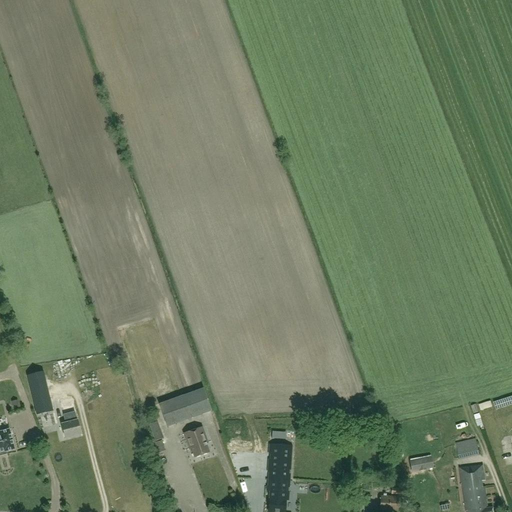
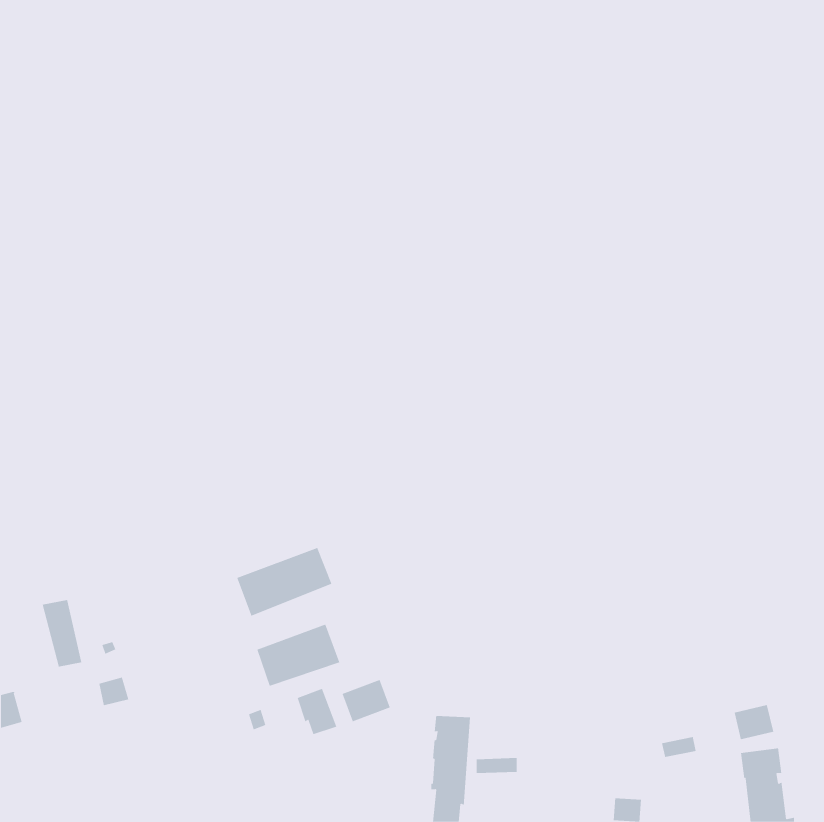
building: none -> [237,547,332,617]
building: none -> [342,679,391,722]

